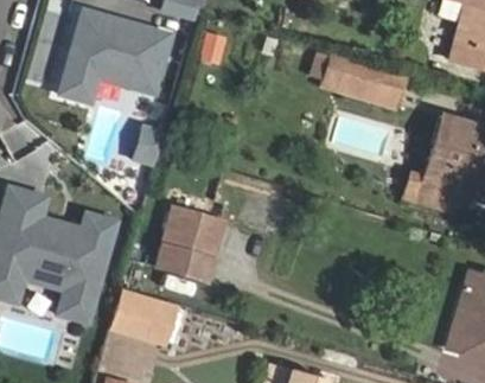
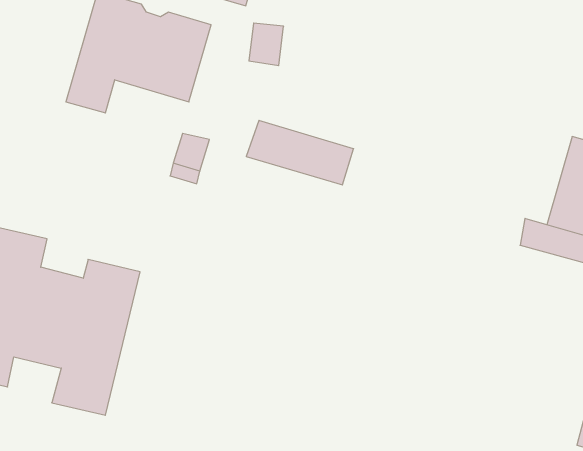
building: [323,57,403,106] -> [246,120,354,185]
building: [158,208,223,280] -> none
building: [109,288,177,343] -> none

